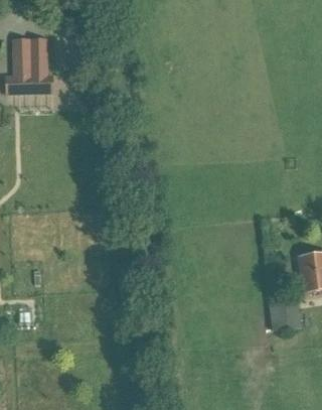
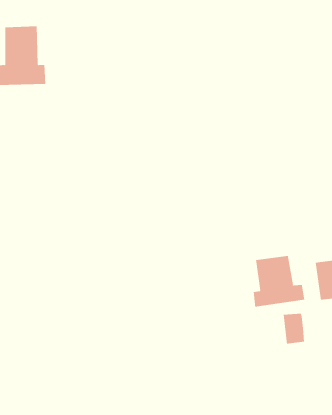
building: none -> [253,255,305,307]

